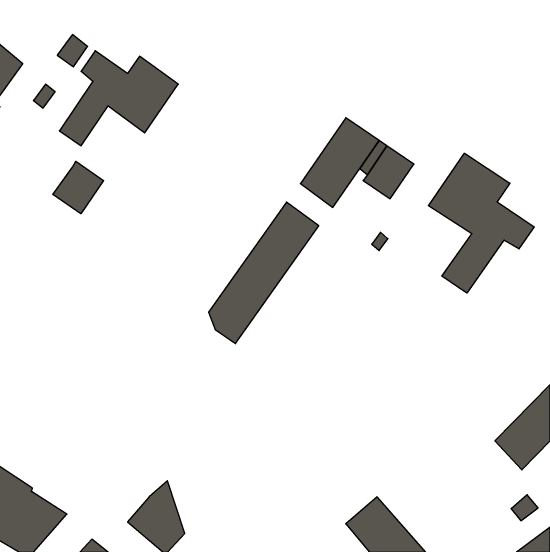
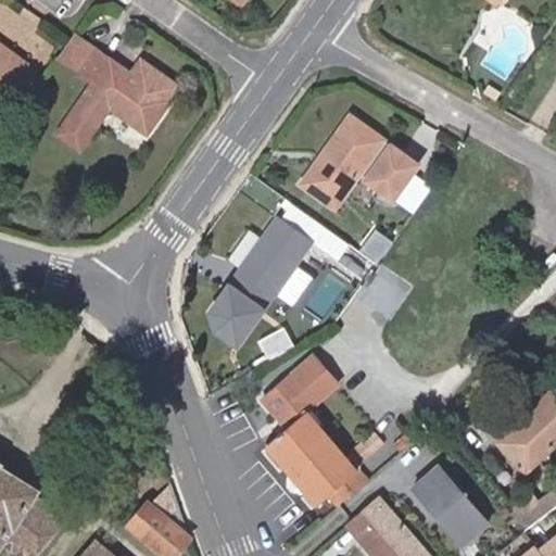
building: [428,153,534,293] -> none
building: [53,161,104,214] -> none
building: none -> [263,357,364,506]
building: none -> [410,467,486,546]

